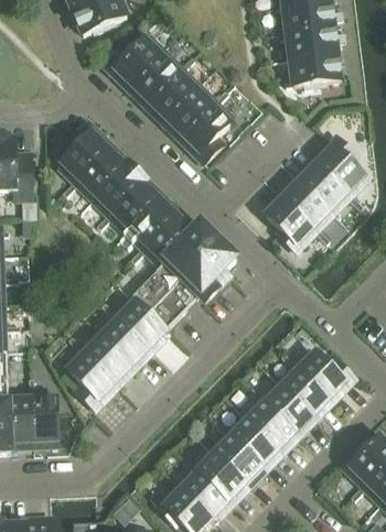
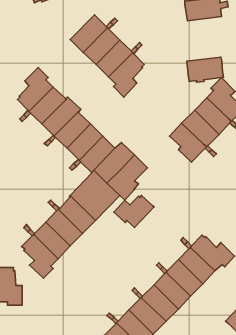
building: [104,34,165,83] -> none
building: [291,52,341,86] -> [187,57,223,82]
building: none -> [114,195,154,228]

